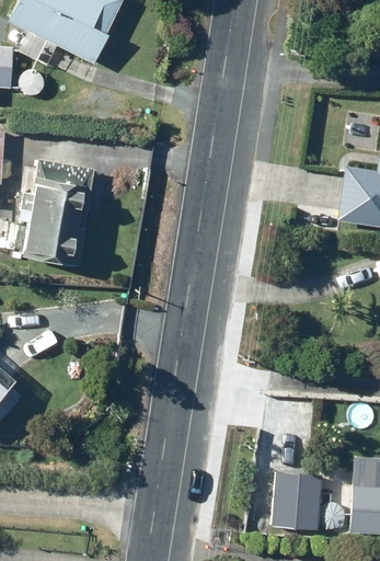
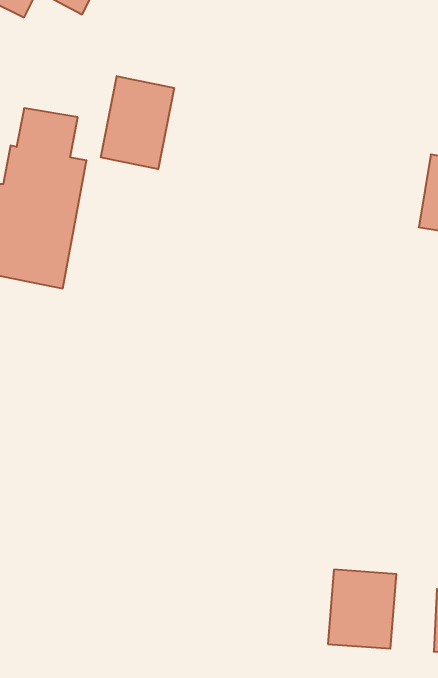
building: none -> [101,76,174,169]

